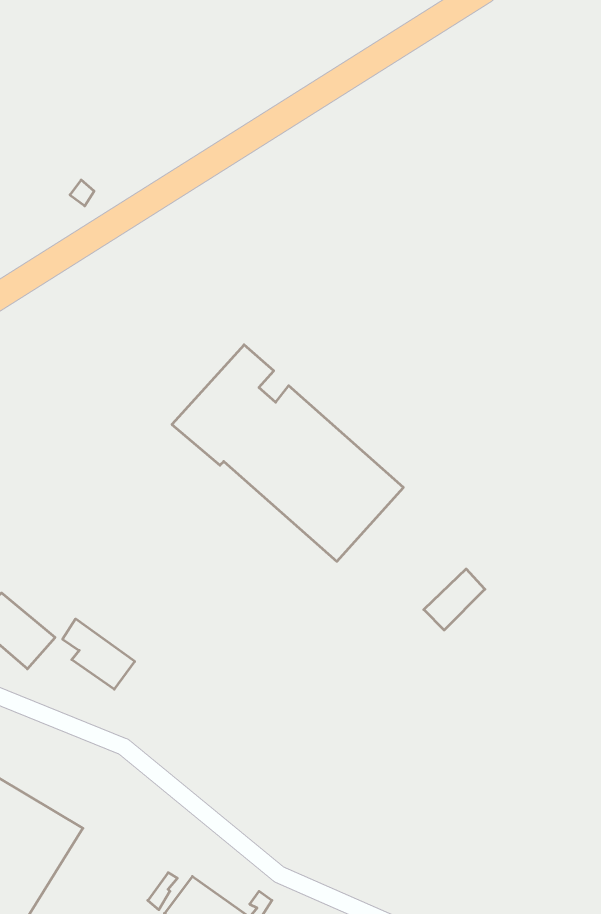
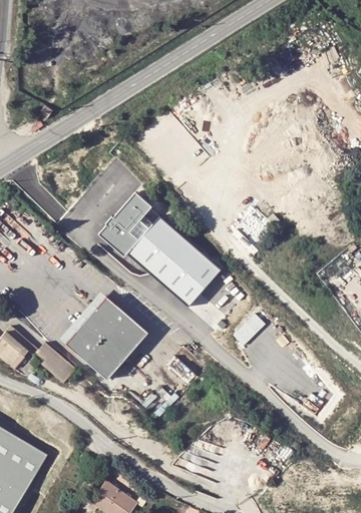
building: none -> [64,298,145,379]

